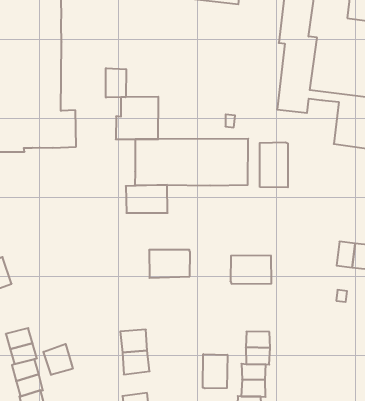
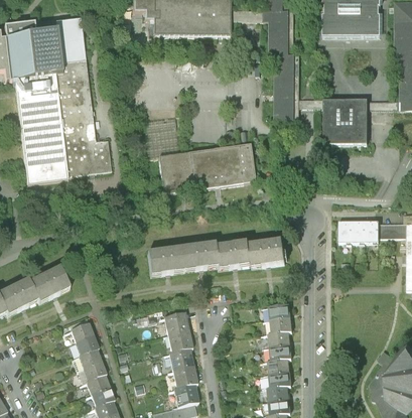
building: [106,68,126,98] -> none
building: [260,142,288,187] -> none
building: [126,185,168,213] -> [146,246,183,273]
building: none -> [215,240,251,268]
building: [43,344,73,375] -> none
building: [203,354,227,388] -> none
building: none -> [168,347,192,370]

